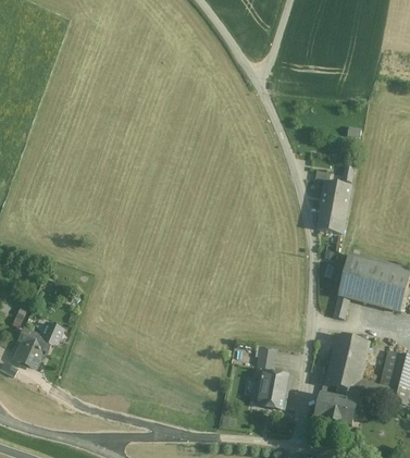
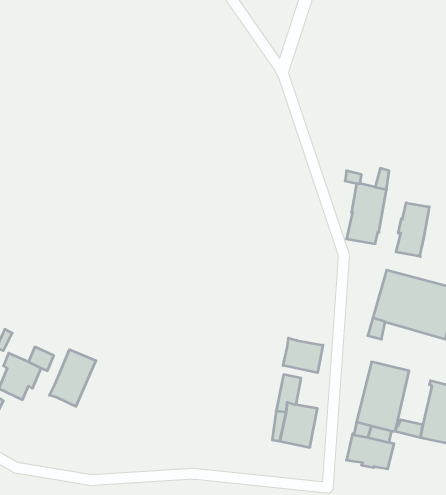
building: none -> [396,203,429,257]
building: none -> [283,338,323,373]
building: none -> [49,350,96,406]

